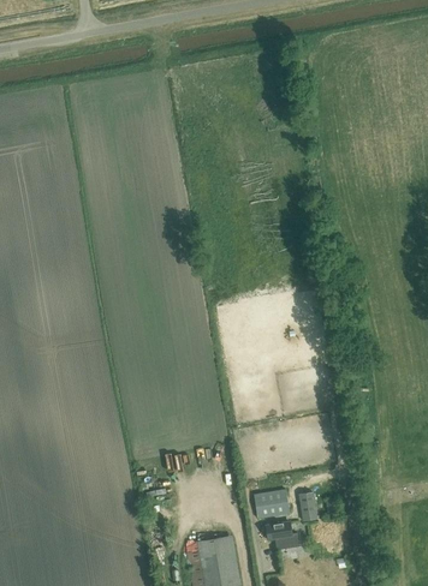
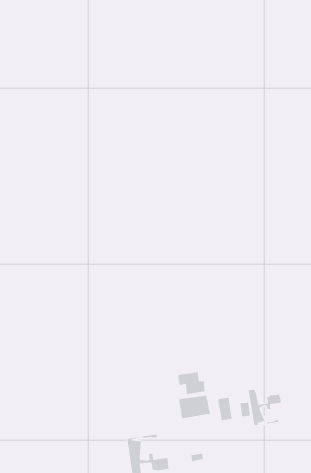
building: none -> [248,389,282,426]
building: [266,522,299,550] -> [177,371,206,395]

